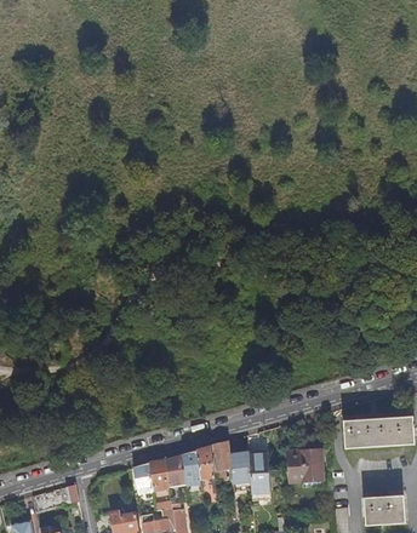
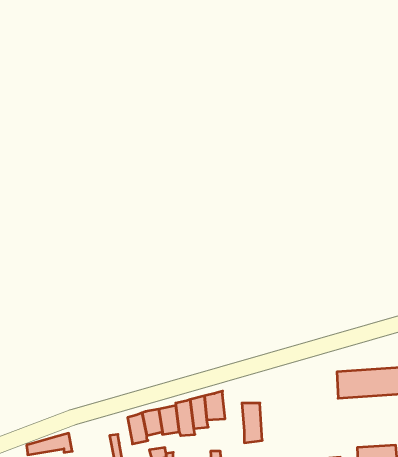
building: [229,445,251,483] -> none
building: [287,449,324,482] -> none

